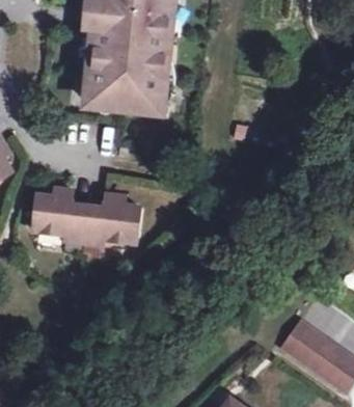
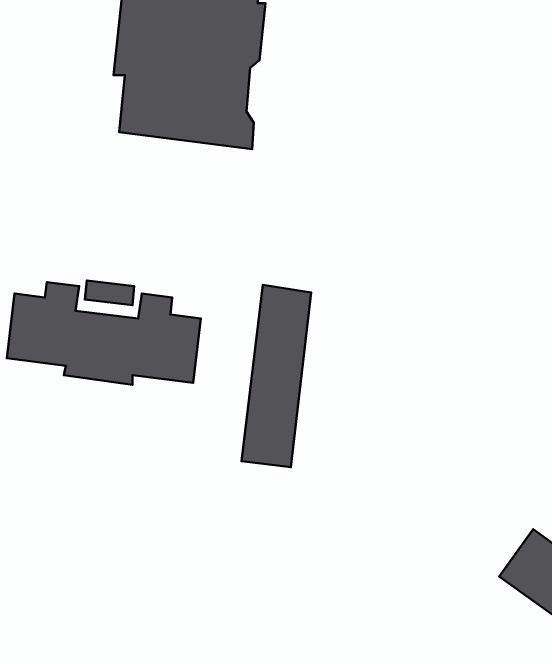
building: none -> [241,285,311,467]

